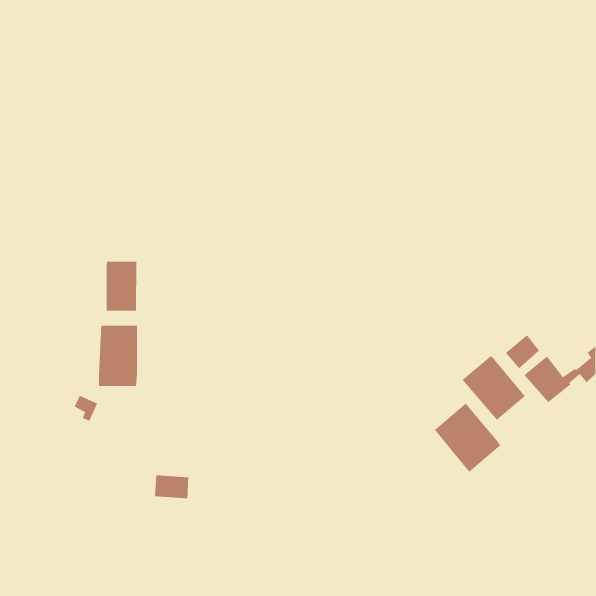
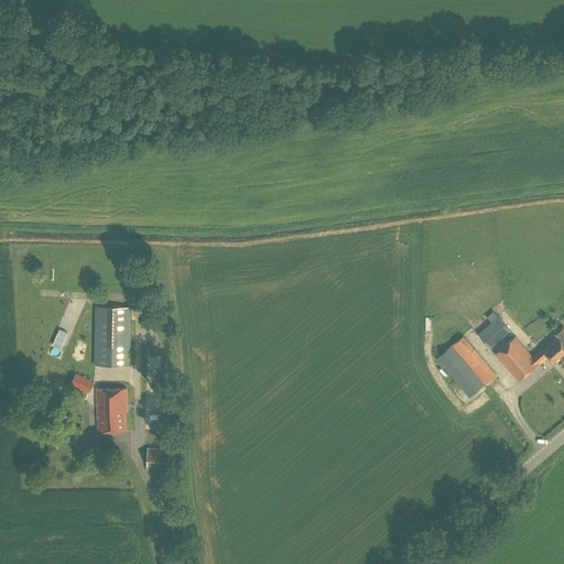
building: [106,261,137,312] -> none
building: [434,403,501,473] -> none
building: none -> [95,389,127,432]

